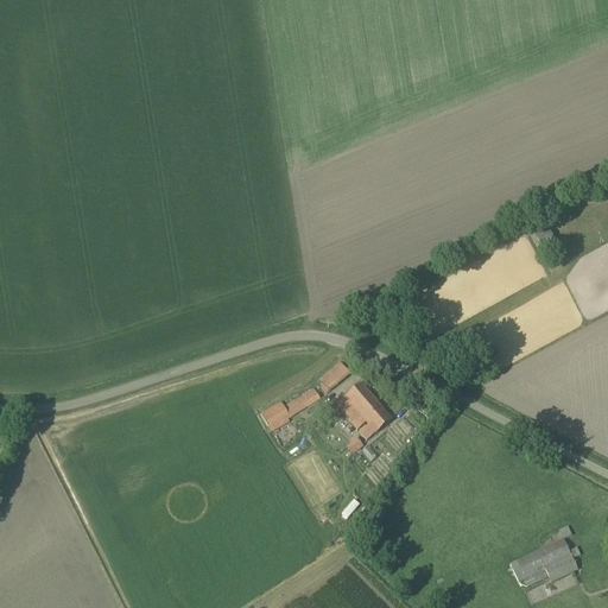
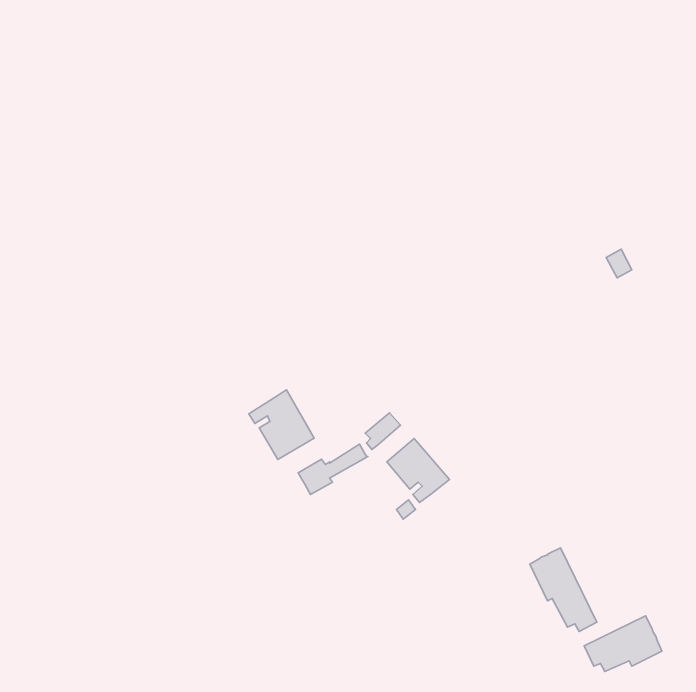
building: none -> [249,390,314,460]
building: none -> [530,548,597,631]

